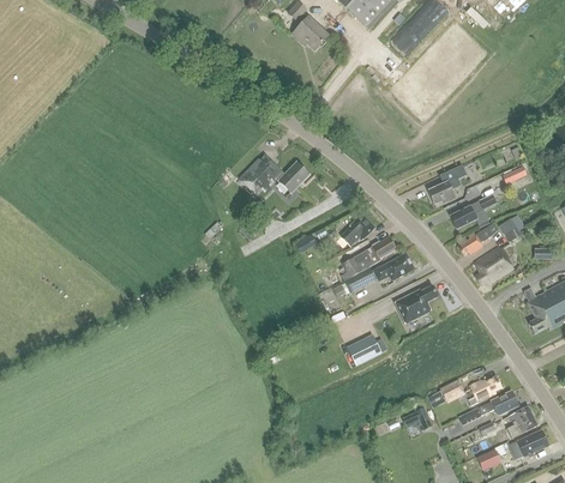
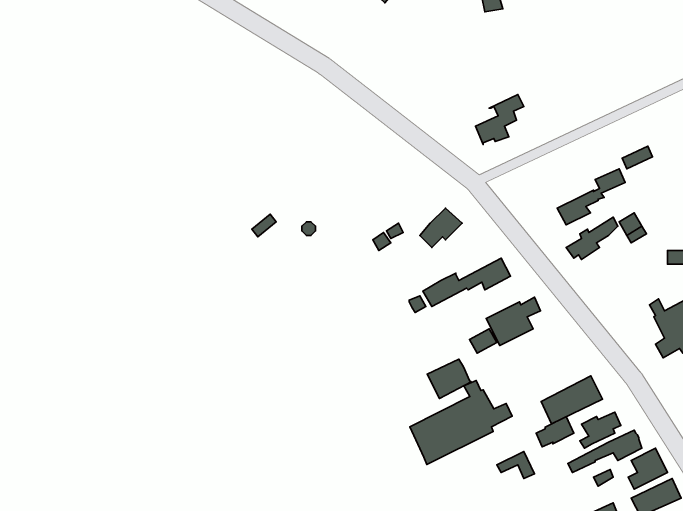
building: [239,152,308,195] -> none
building: [428,163,467,203] -> [476,95,524,144]
building: [342,235,395,276] -> none
building: [474,244,512,283] -> none
building: none -> [541,376,602,424]
building: none -> [410,381,512,464]

